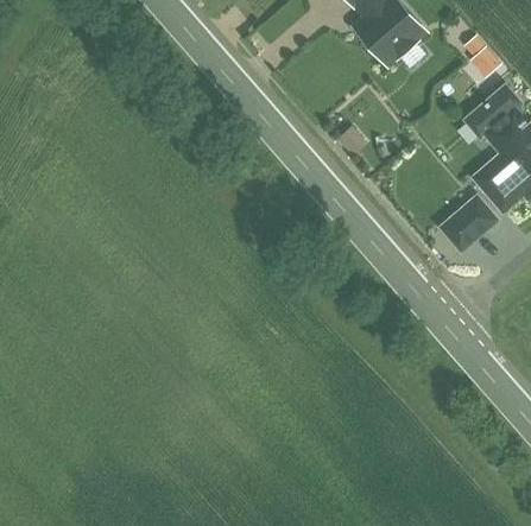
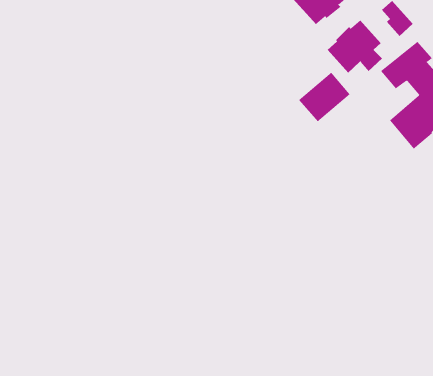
building: none -> [327,19,383,74]
building: [438,195,500,254] -> [298,72,351,122]

